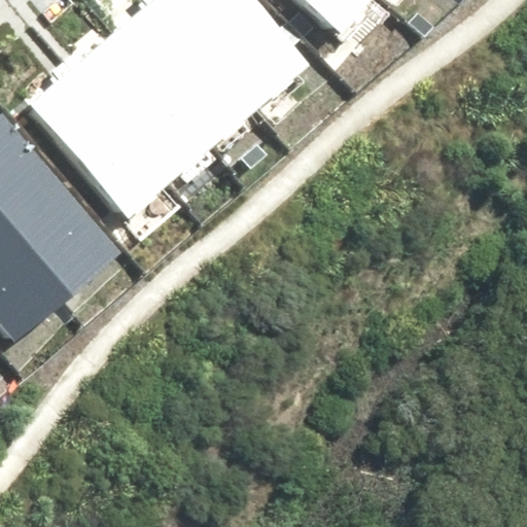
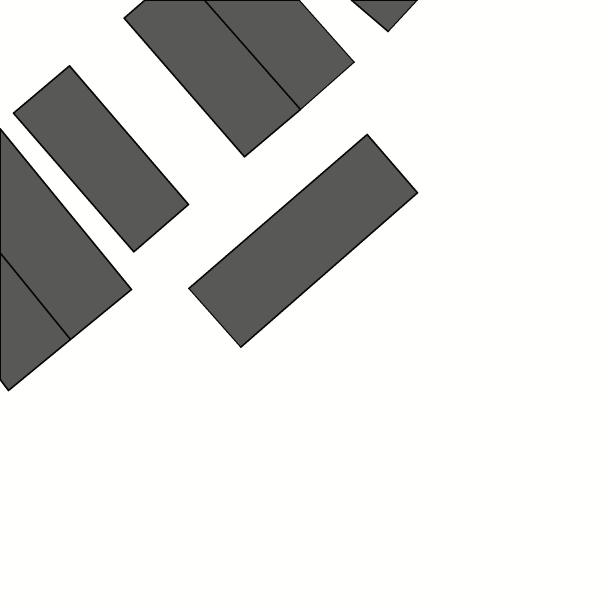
building: [67,23,215,180] -> none
building: none -> [189,135,418,347]

